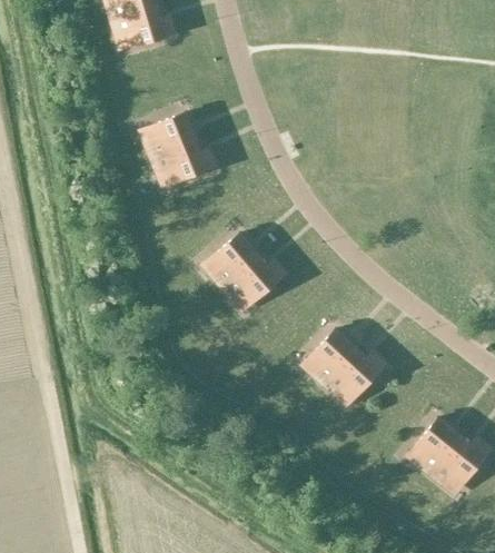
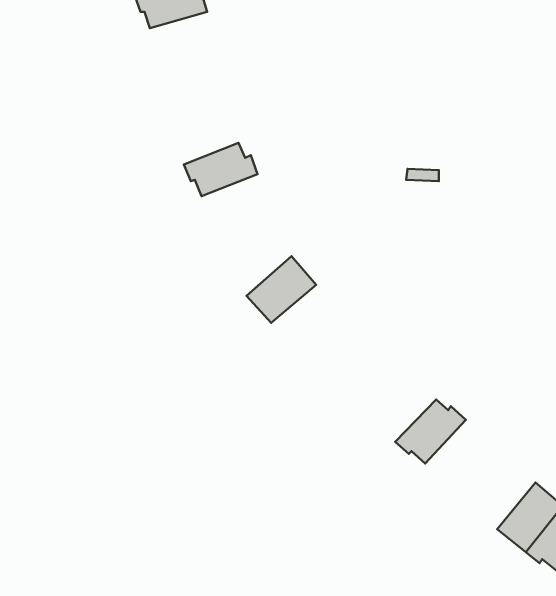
building: [142,113,198,159] -> none
building: [225,257,284,308] -> none
building: [305,329,359,385] -> none

